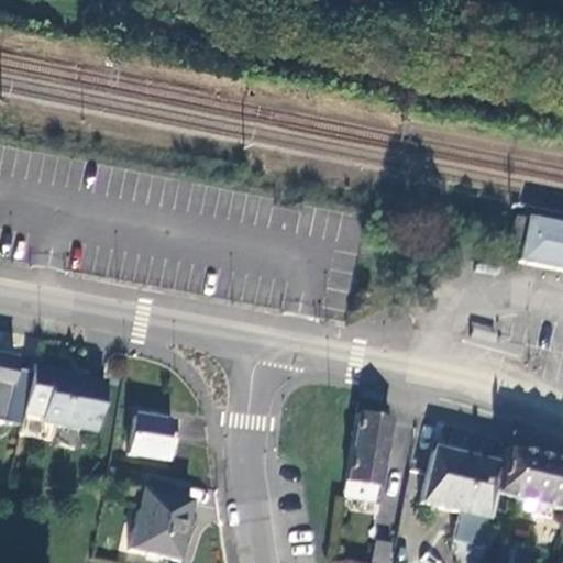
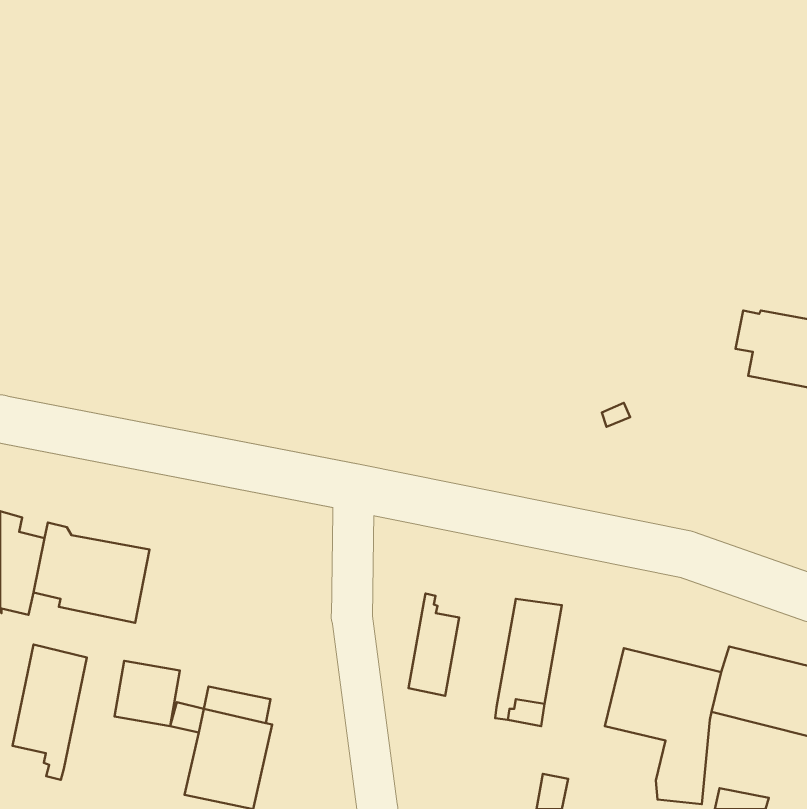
building: none -> [409,593,459,696]
building: [131,413,176,459] -> [115,661,180,726]
building: none -> [12,645,87,780]

